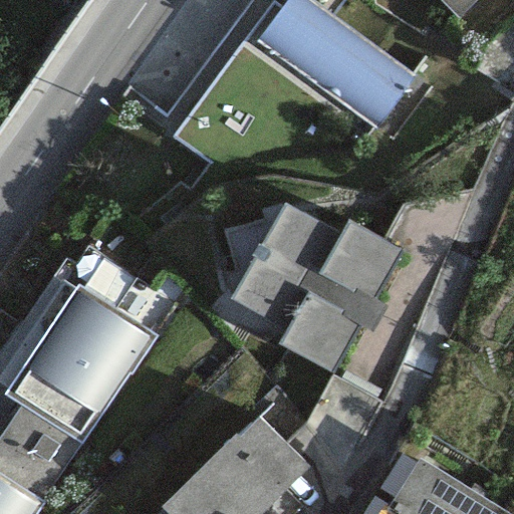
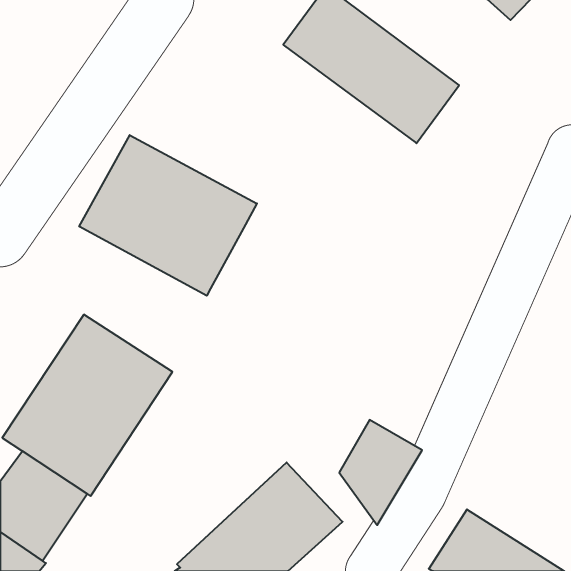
building: none -> [79,135,257,296]
building: [234,204,399,374] -> none

